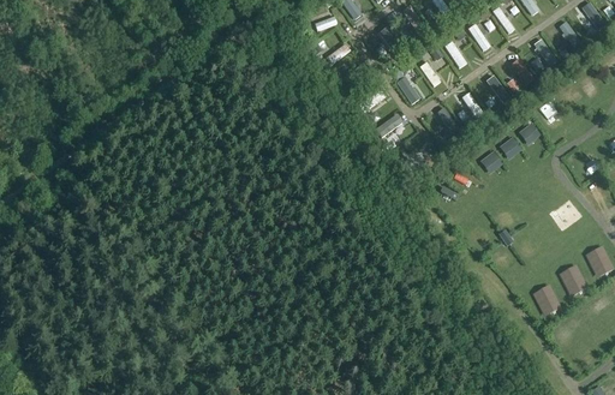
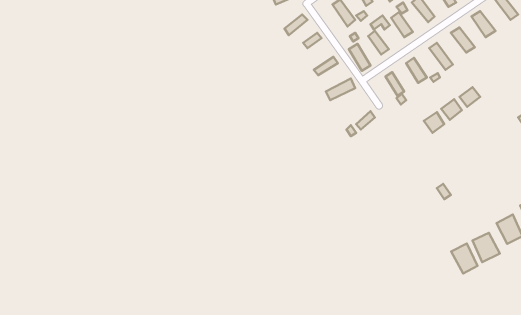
building: none -> [451,244,477,274]

